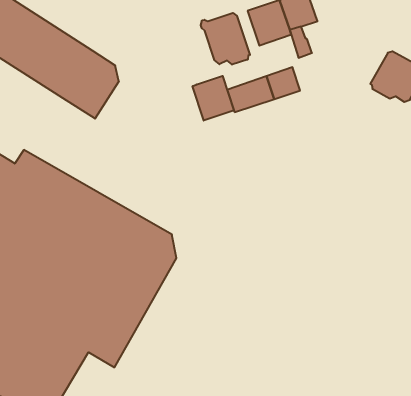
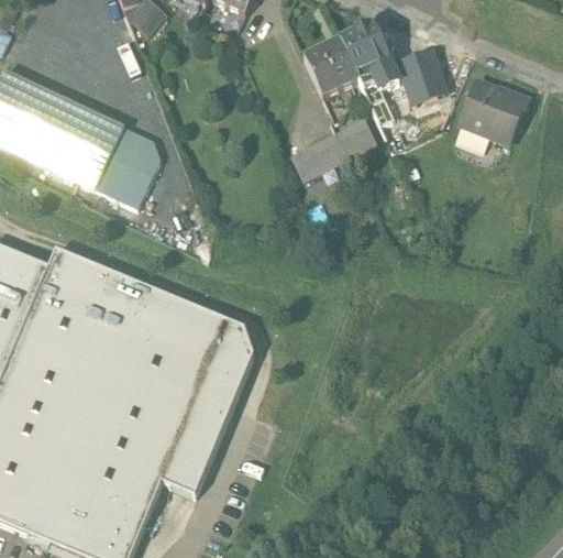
building: [201,13,250,65] -> none
building: none -> [397,50,444,101]
building: [193,76,234,121] -> none

